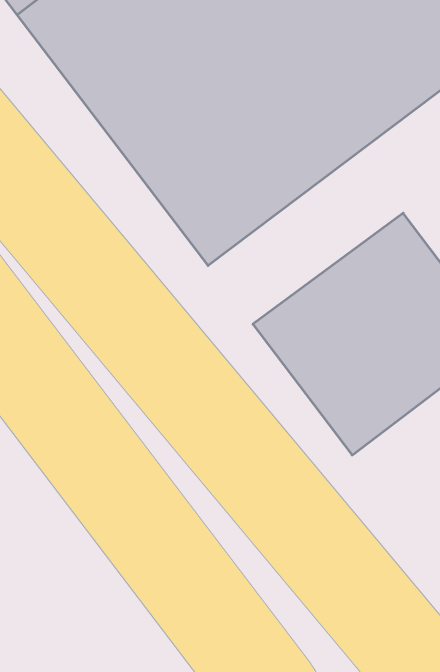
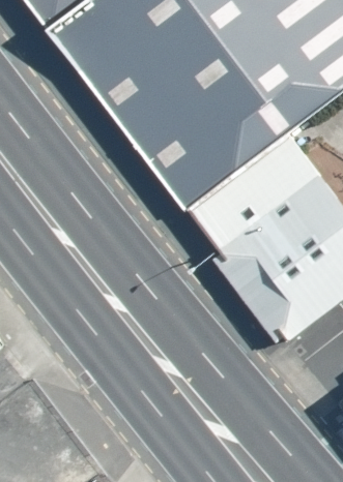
building: none -> [175,124,304,238]

